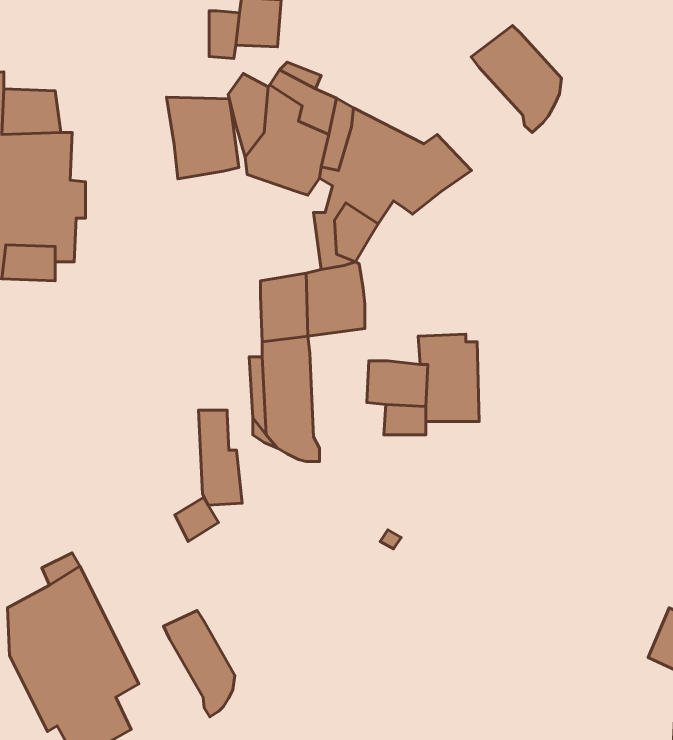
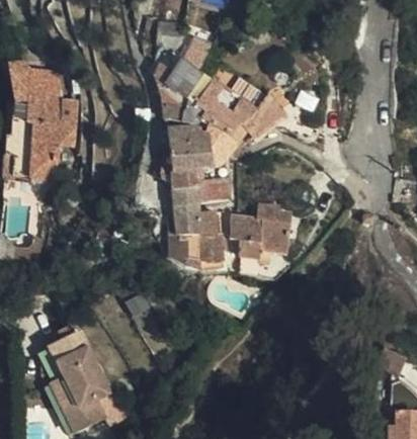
building: [471,26,562,133] -> none
building: [166,97,239,179] -> [167,131,205,175]
building: [199,410,242,505] -> [199,213,223,264]
building: [163,610,235,717] -> none

